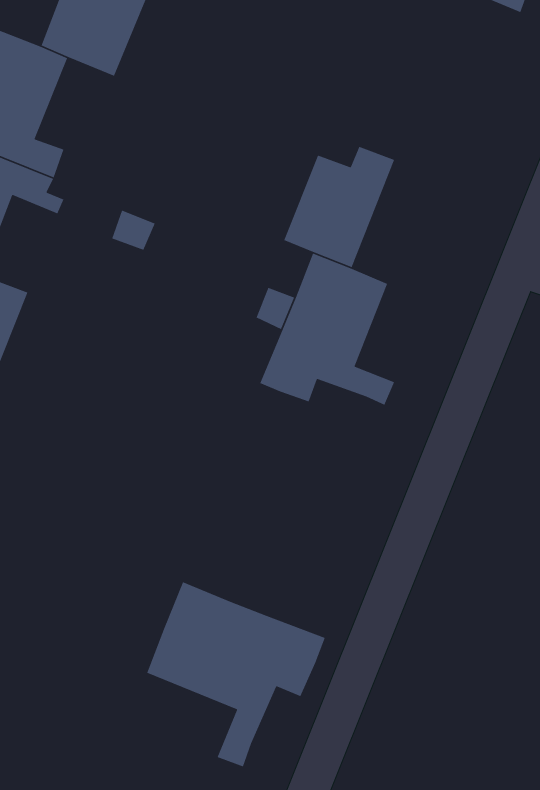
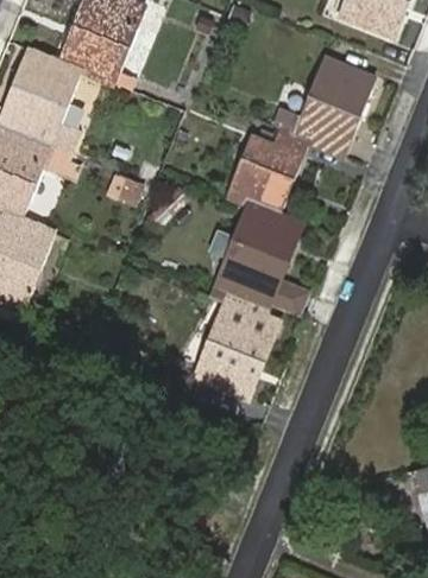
building: none -> [273,57,373,154]
building: none -> [195,291,285,398]
building: [146,581,326,767] -> none

